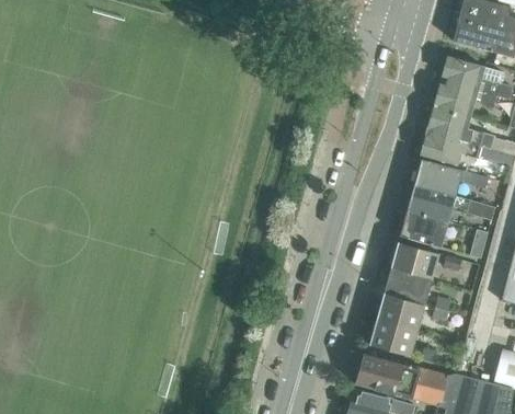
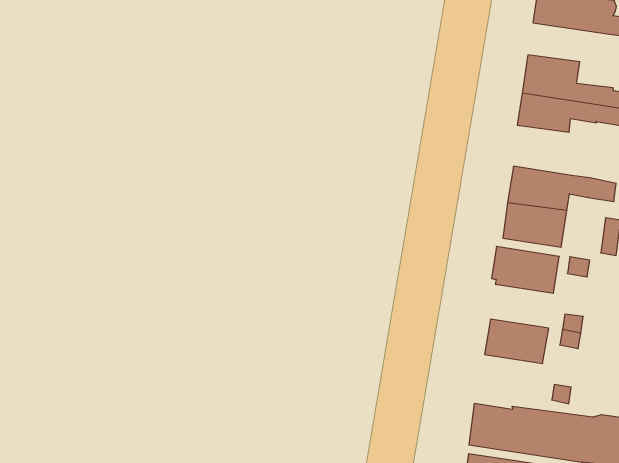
building: [435,81,496,114] -> none
building: [414,159,489,196] -> none
building: [384,268,432,306] -> none
building: [369,319,417,356] -> none

